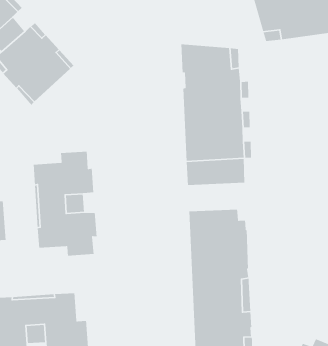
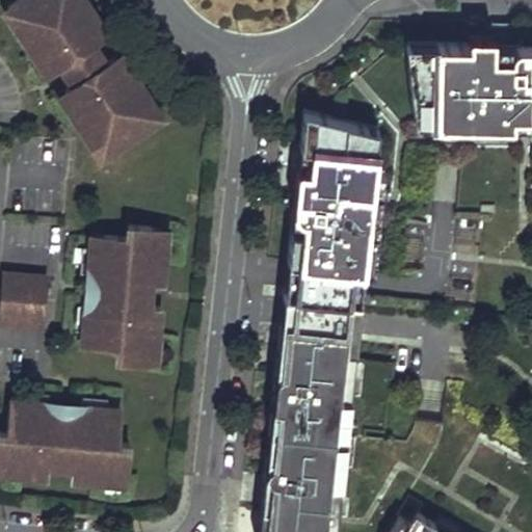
building: none -> [283,297,361,352]

